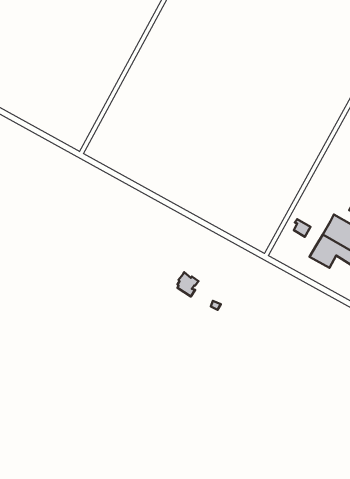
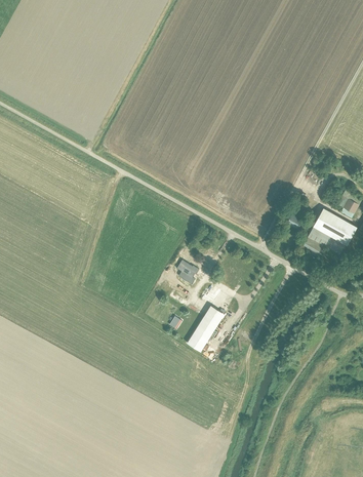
building: none -> [188,305,225,351]

